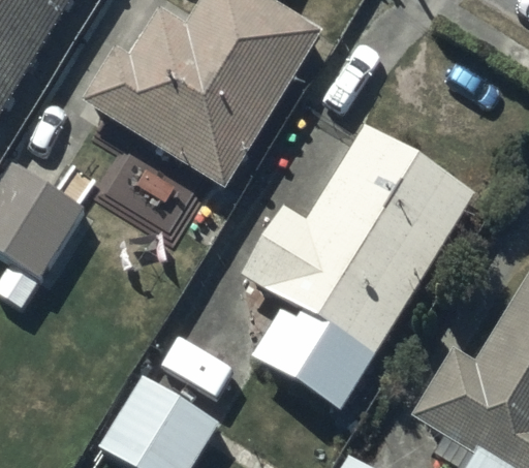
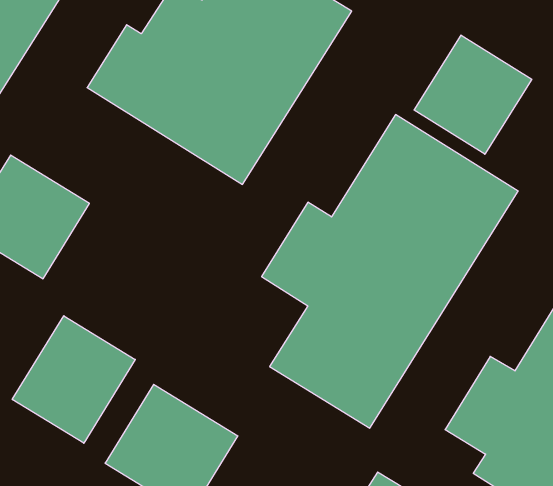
building: none -> [414,35,532,154]
building: none -> [12,316,135,443]

